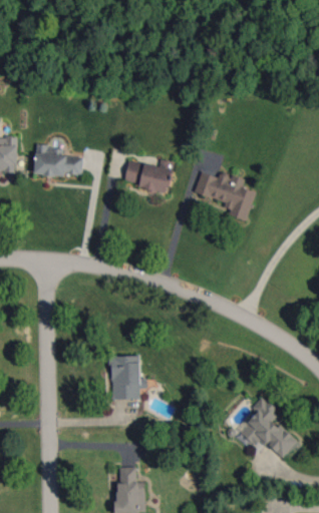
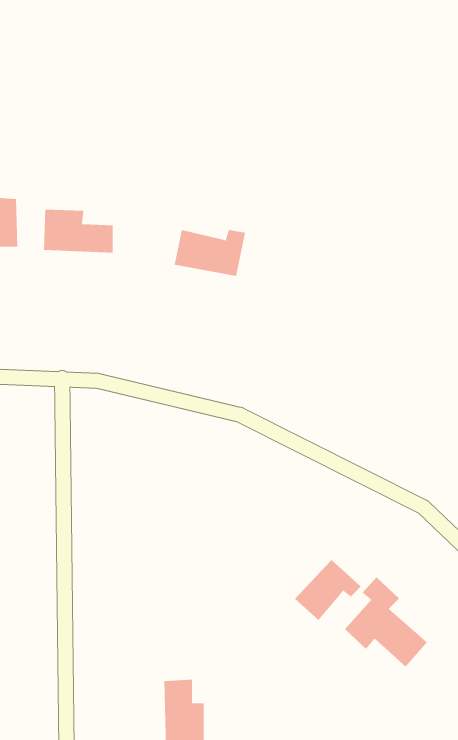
building: [194,172,255,221] -> none
building: [110,356,147,400] -> none
building: none -> [294,559,362,621]

